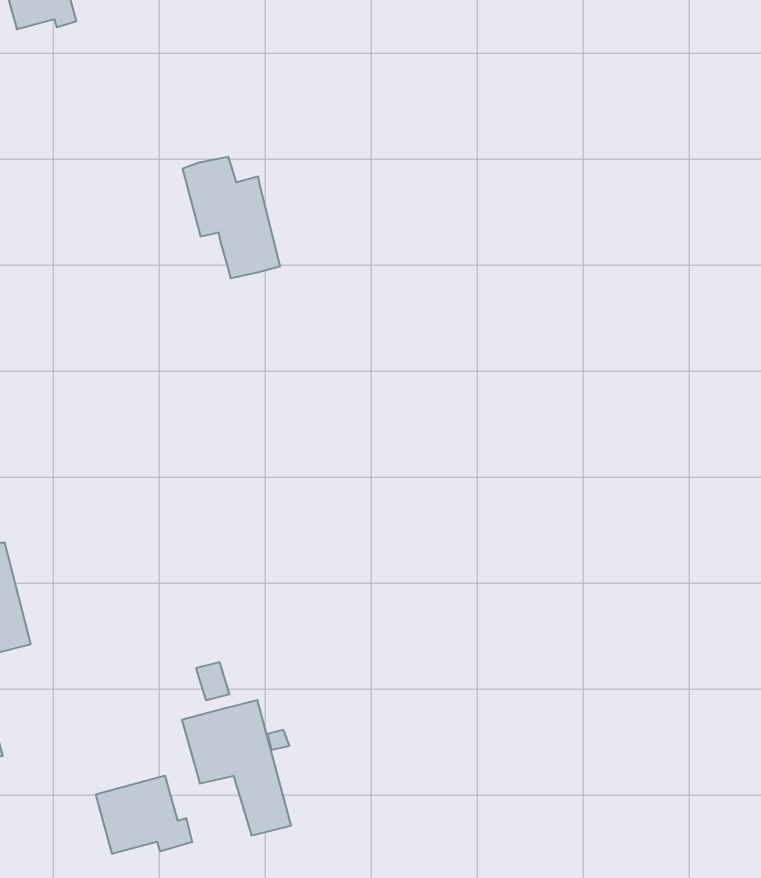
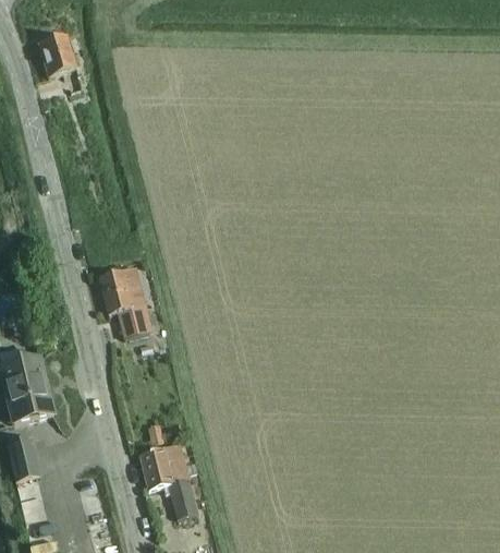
building: [183,157,280,278] -> [97,268,150,335]
building: [96,776,192,854] -> none

